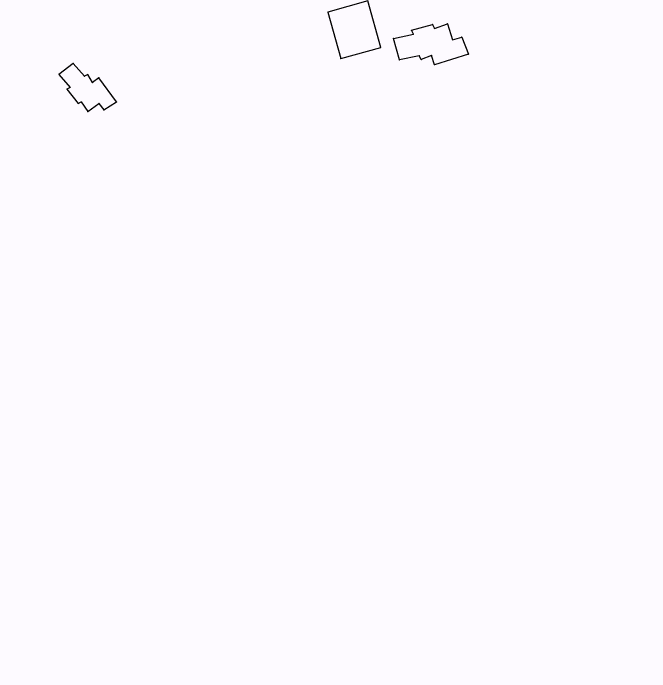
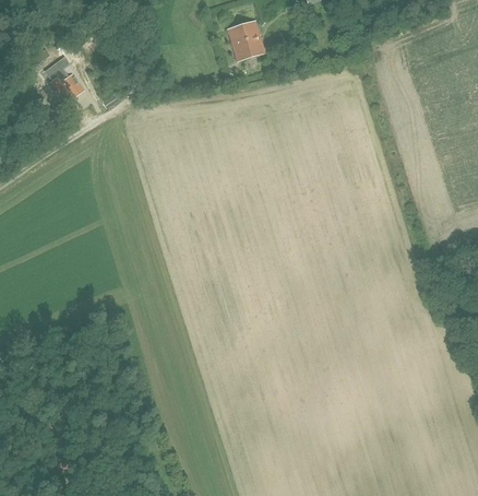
building: [393,24,468,65] -> none

